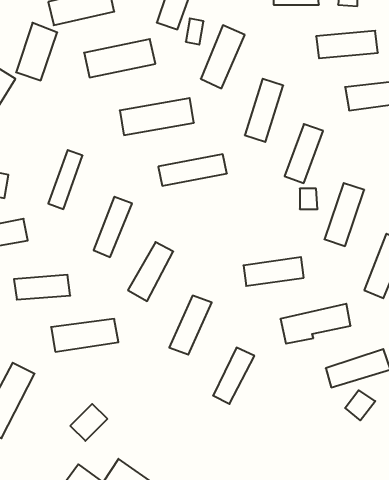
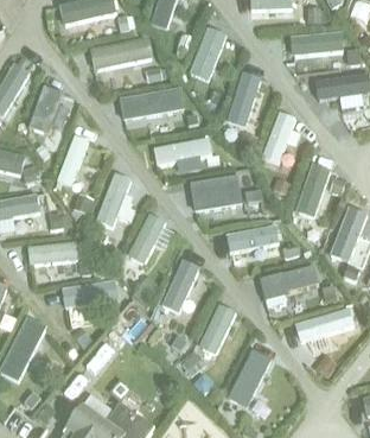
building: [16,23,57,80] -> [27,85,63,135]
building: none -> [190,177,242,214]
building: none -> [228,353,272,410]

